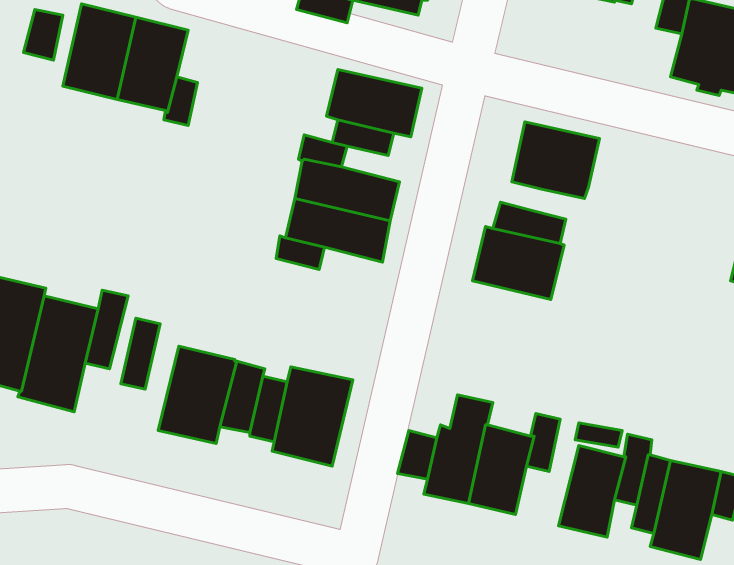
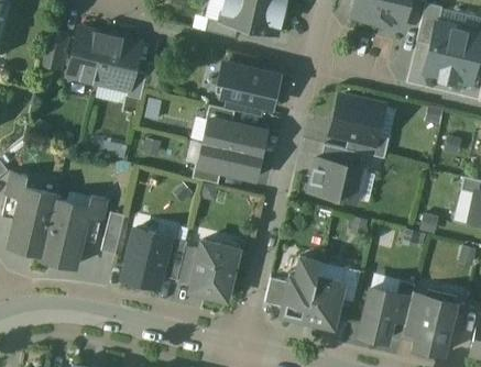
building: none -> [346,135,389,158]

